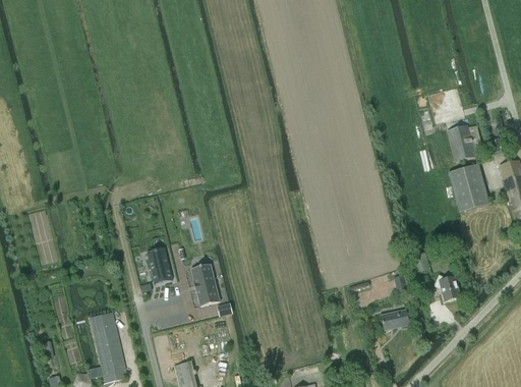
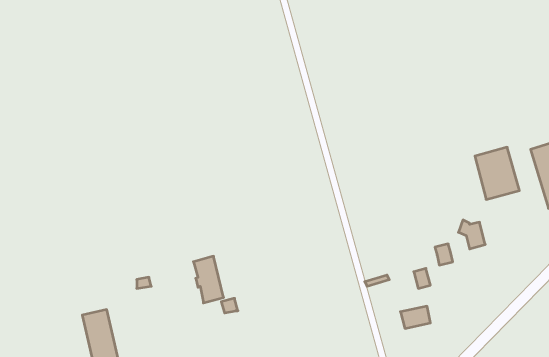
building: [447,125,483,162] -> none
building: [147,246,172,283] -> none
building: [435,274,459,300] -> [458,220,485,249]

